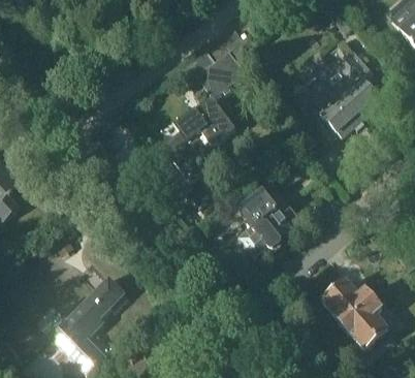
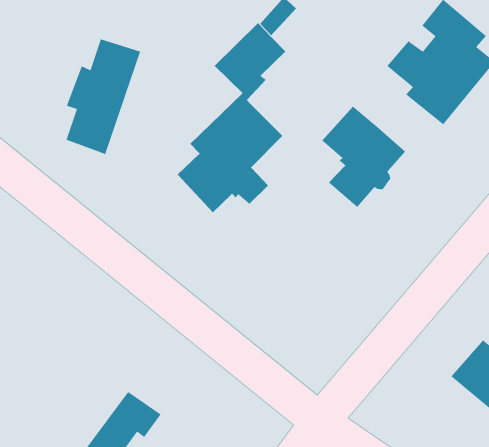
building: none -> [66,39,141,155]
building: [237,189,291,256] -> [322,106,406,208]

